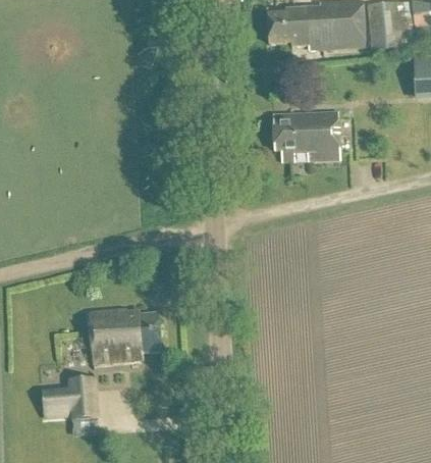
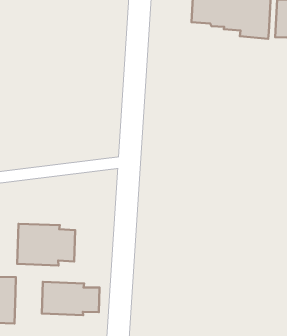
building: [271,111,337,160] -> none
building: none -> [42,282,100,315]

